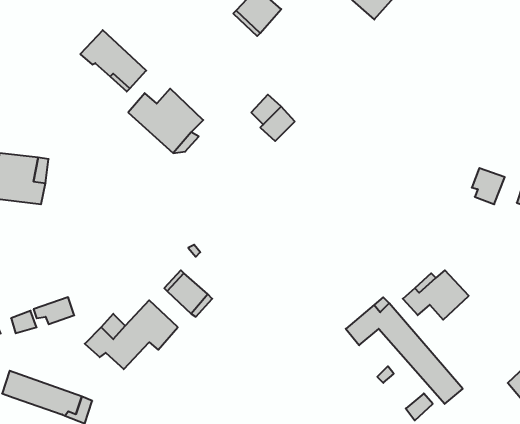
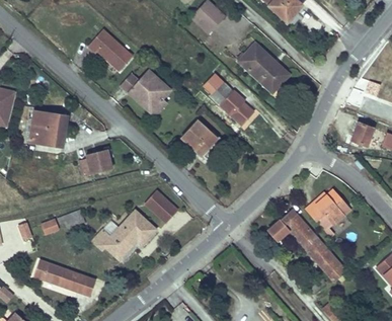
building: none -> [238,44,288,92]
building: none -> [220,90,253,126]
building: none -> [181,121,217,156]
building: none -> [79,149,114,176]

